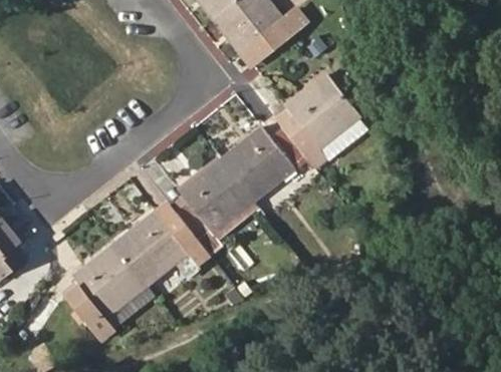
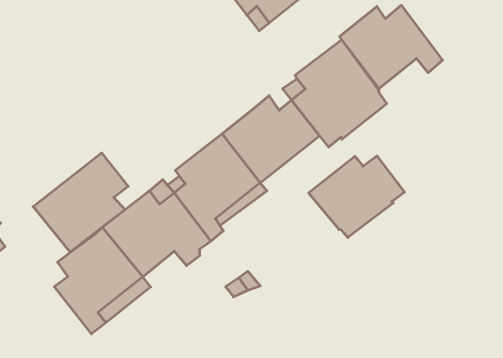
building: none -> [340,5,443,88]
building: none -> [33,153,128,252]
building: none -> [309,156,404,238]

